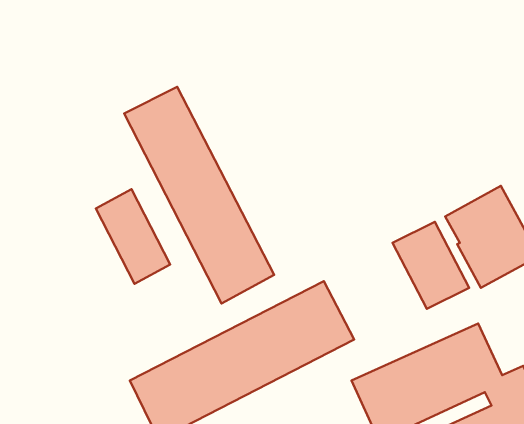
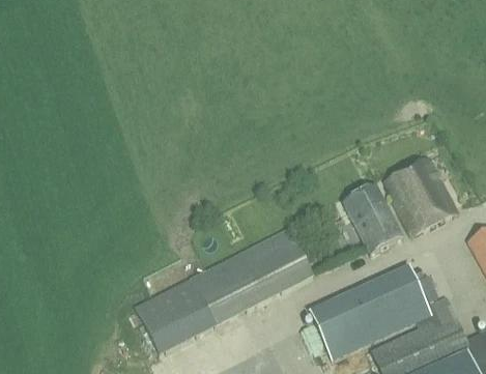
building: [124,87,274,303] -> none
building: [96,189,170,284] -> none

